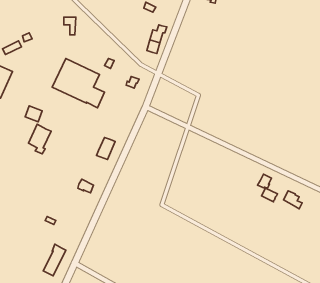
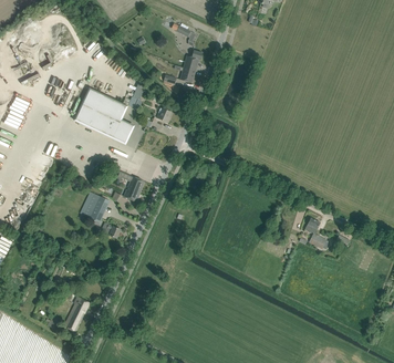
building: [28,124,51,154] -> [83,193,108,226]

